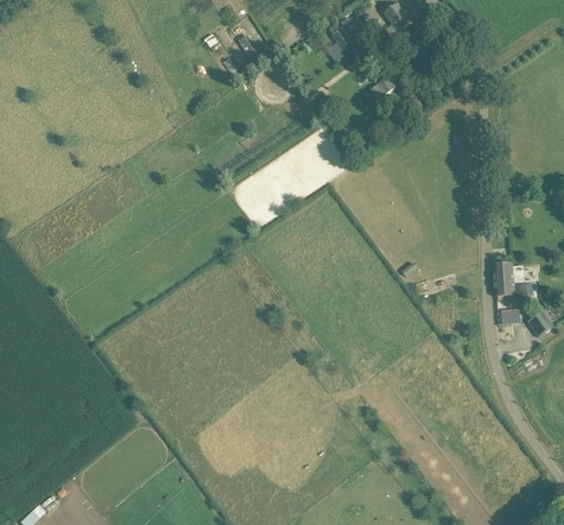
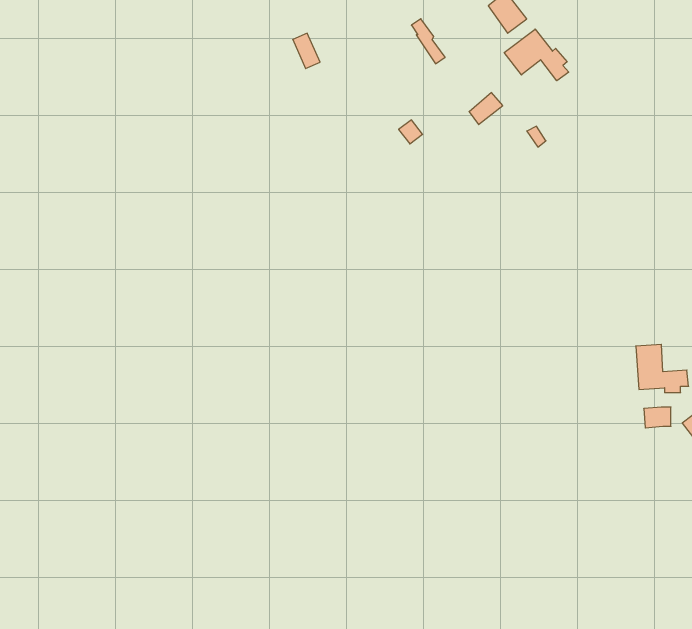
building: none -> [504,29,569,81]

